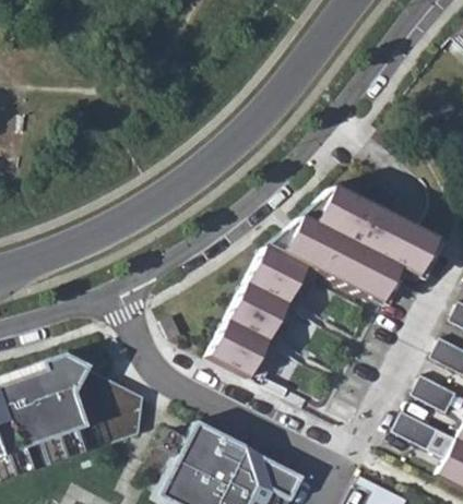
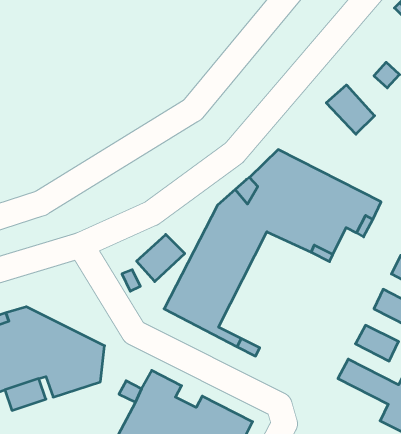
building: none -> [326,85,375,134]
building: none -> [137,234,185,282]

